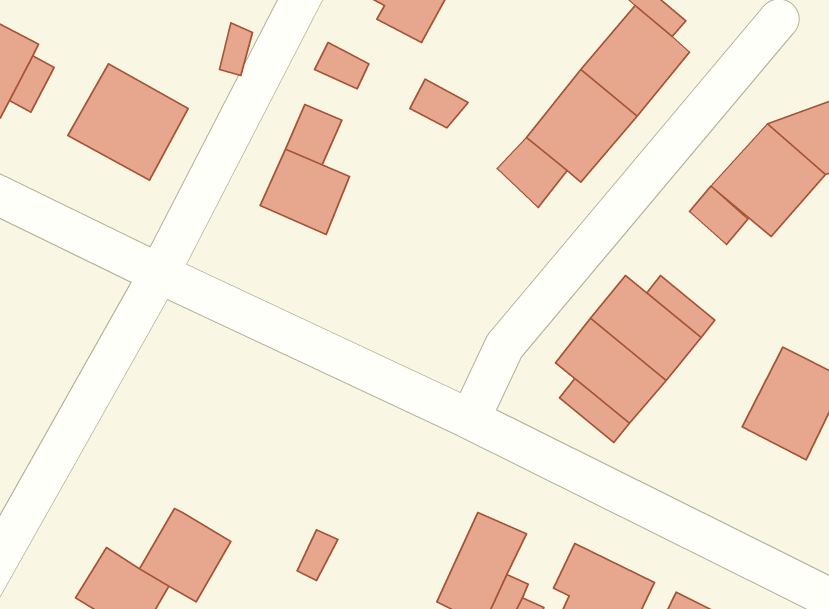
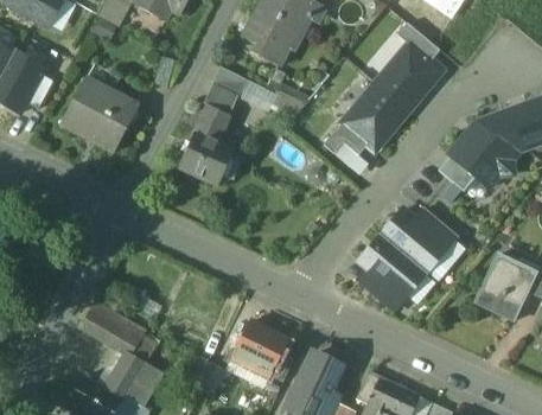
building: none -> [77,301,145,357]
building: none -> [232,321,288,374]

